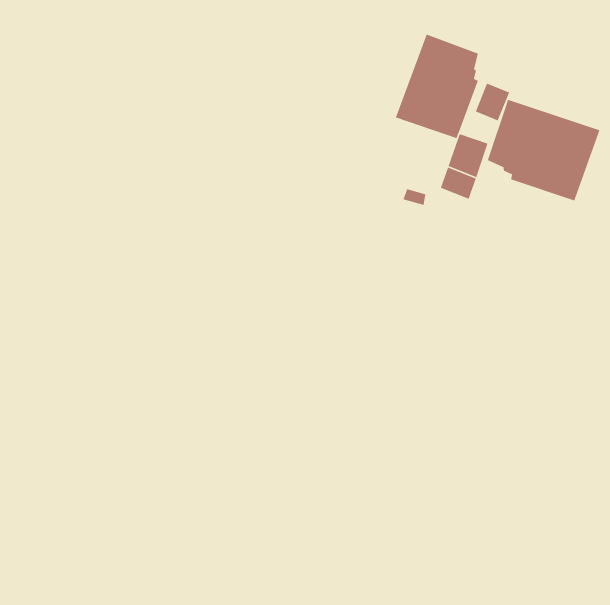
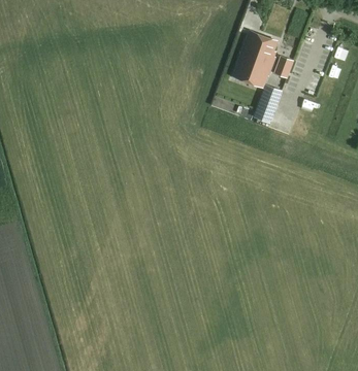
building: [487,99,601,202] -> none

